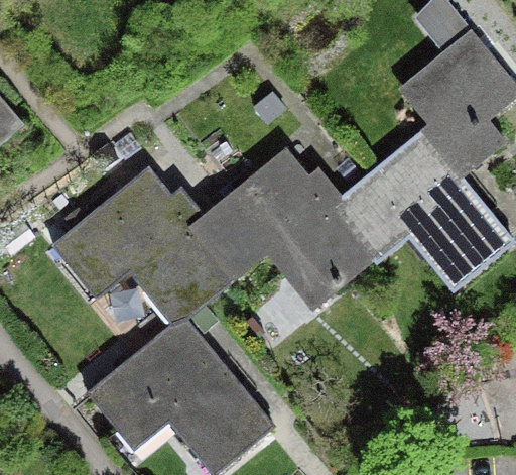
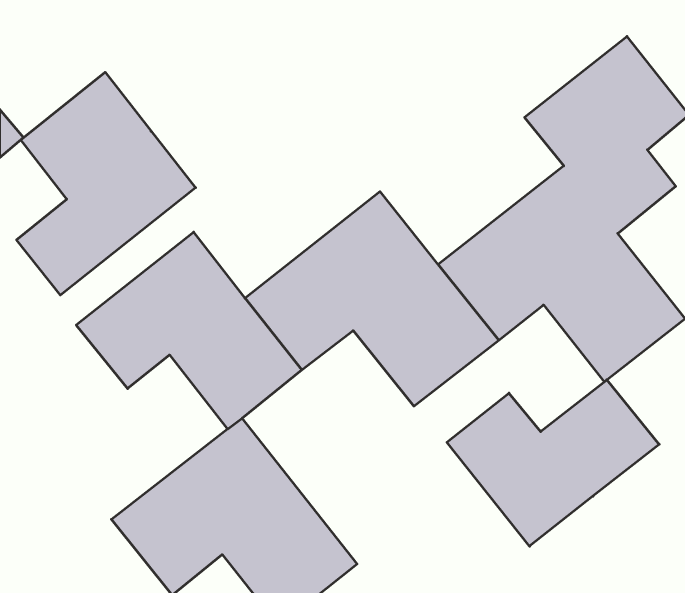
building: none -> [17,72,196,295]
building: none -> [447,380,659,546]

